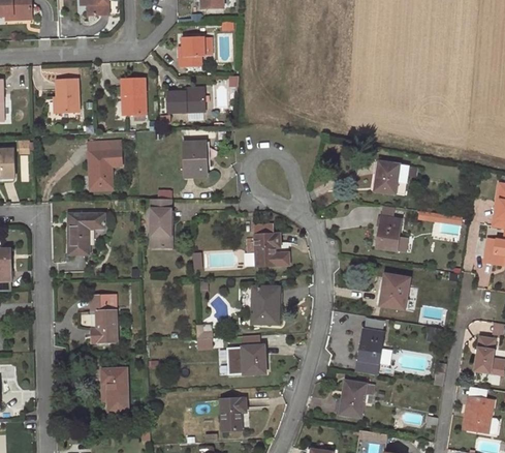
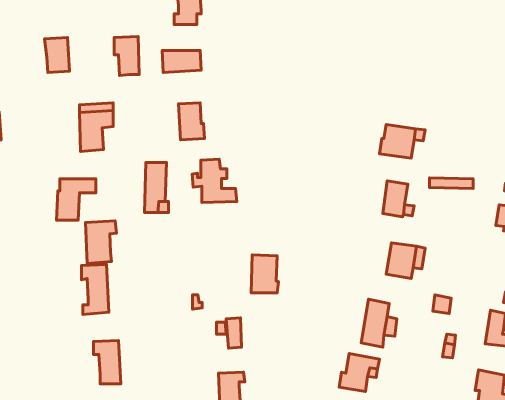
building: [247,223,289,265] -> [192,159,237,202]
building: none -> [85,221,116,263]
building: [243,344,265,373] -> none

